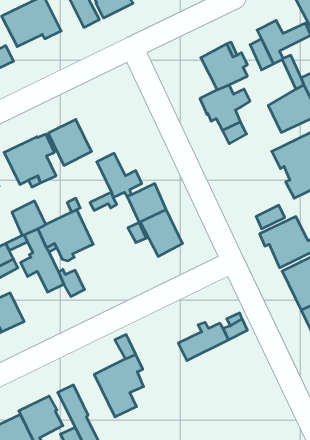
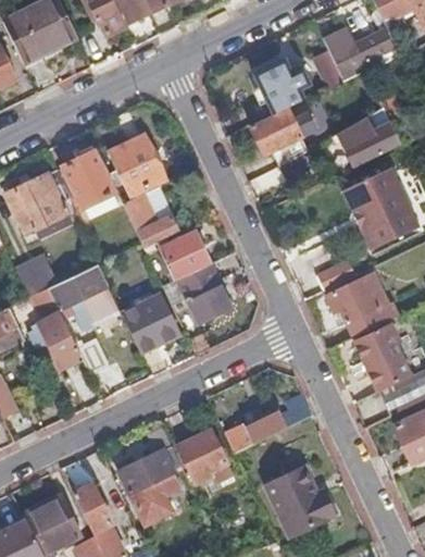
building: none -> [109,134,166,195]
building: none -> [122,296,178,351]
building: none -> [178,431,229,483]
building: none -> [265,468,334,536]

